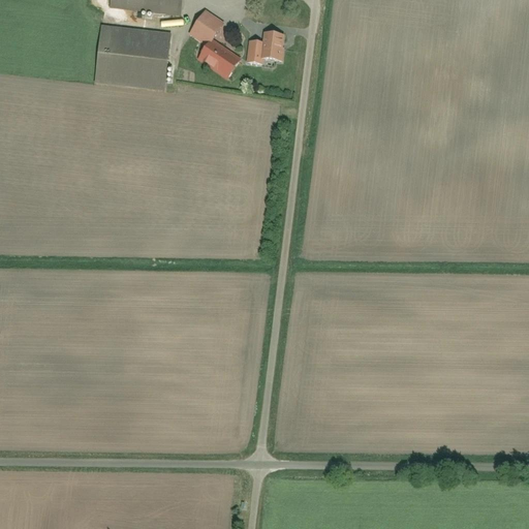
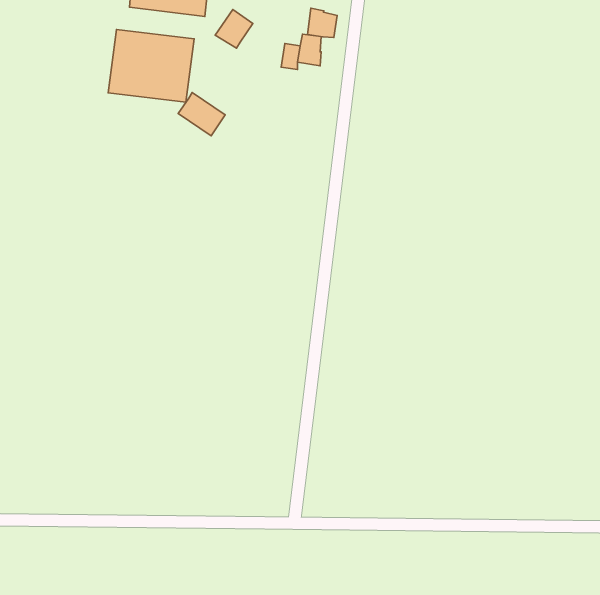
building: none -> [307,8,337,37]
building: [198,37,240,75] -> [178,92,225,136]

